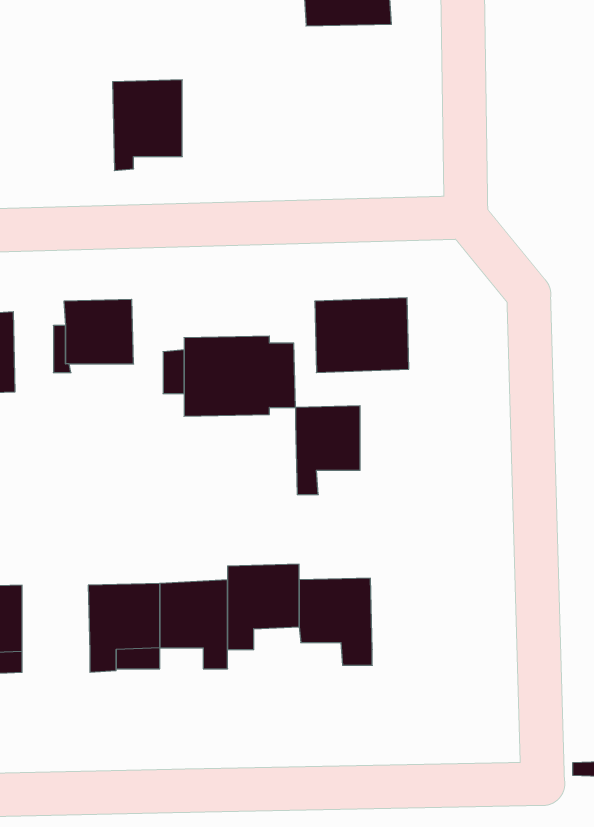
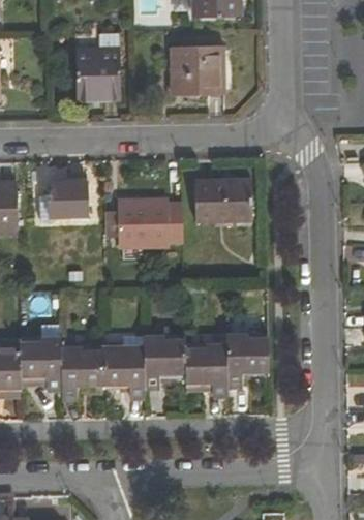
building: none -> [170,48,223,95]
building: [296,406,360,495] -> [229,334,267,387]
building: none -> [22,338,62,388]

